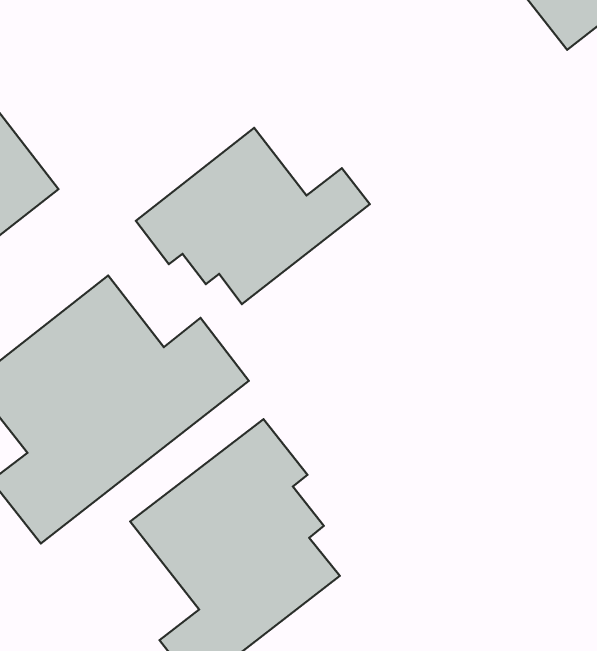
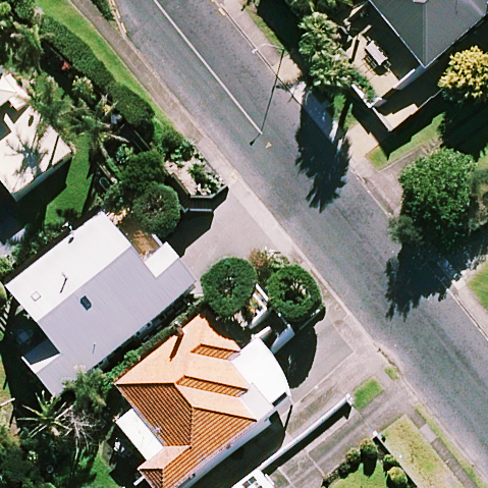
building: [136,128,370,304] -> none

